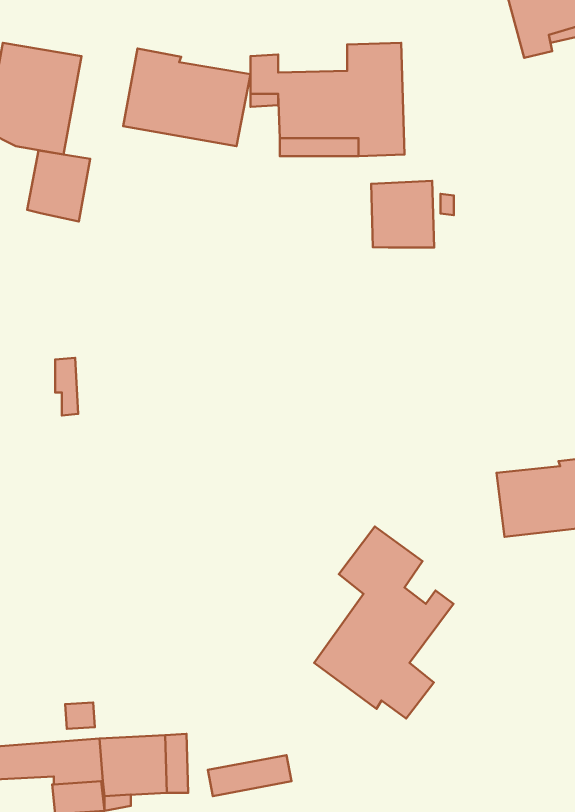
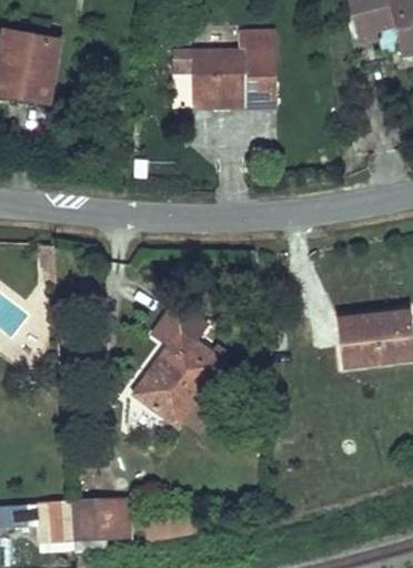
building: [123,48,250,146] -> none
building: [27,150,90,221] -> none
building: [371,181,434,248] -> none
building: [314,527,454,719] -> [135,301,230,430]

